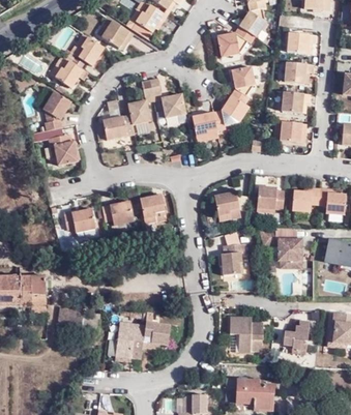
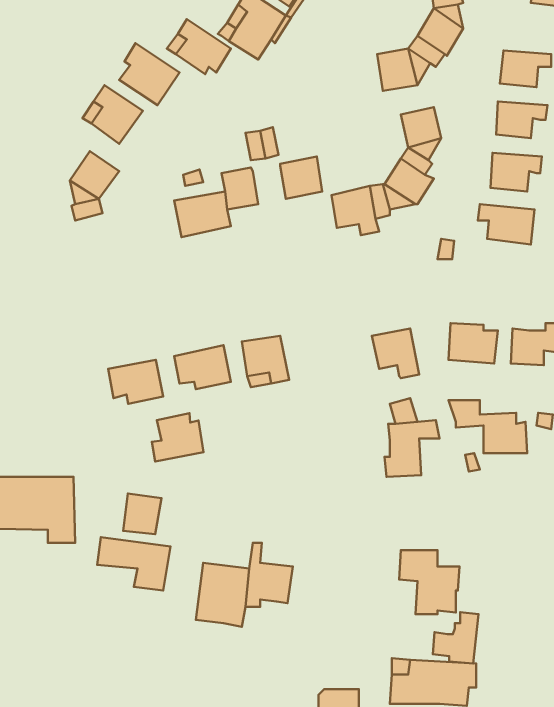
building: [49,131,78,164] -> none
building: none -> [152,413,204,462]
building: none -> [123,494,161,534]
building: [284,320,310,349] -> [433,612,479,663]

